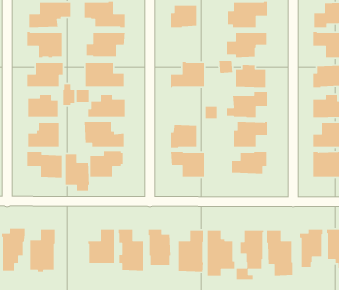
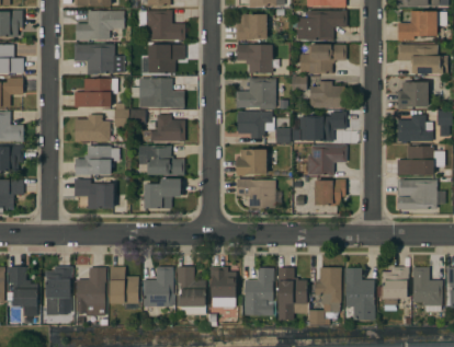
building: none -> [237,45,272,73]
building: none -> [238,112,273,139]
building: [65,154,90,191] -> [111,267,139,310]

